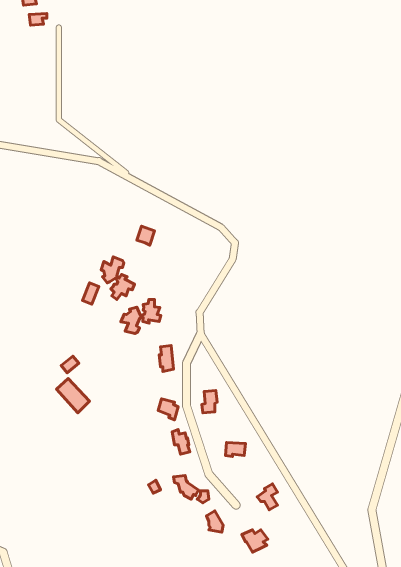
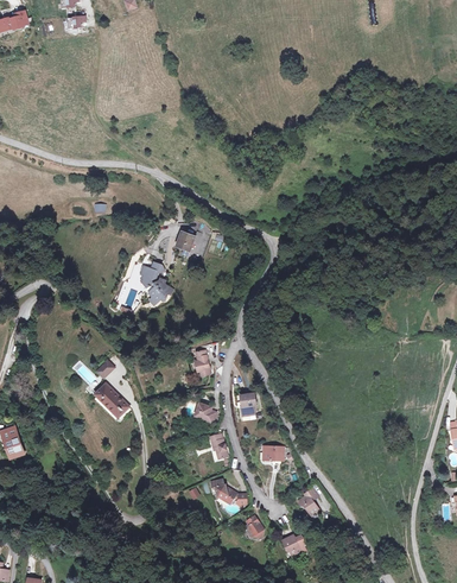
building: [121,299,161,334] -> none

